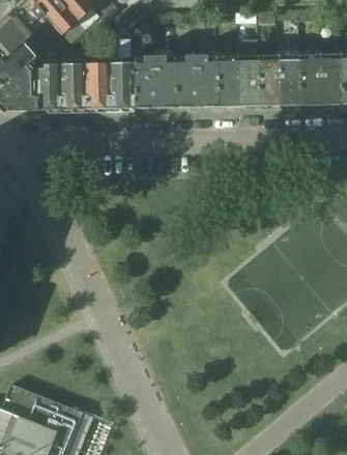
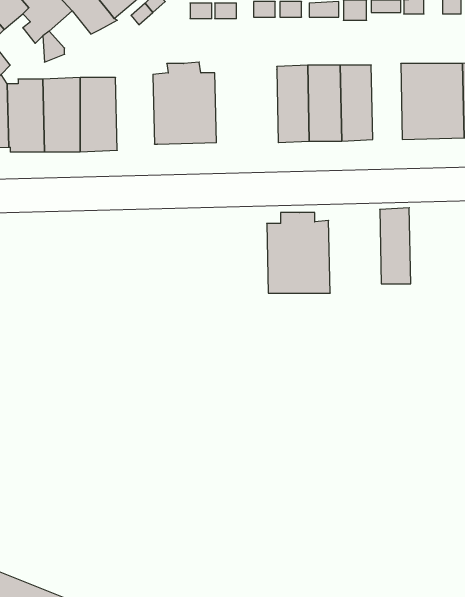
building: [174,53,216,107] -> [267,213,330,293]
building: [279,54,299,105] -> [380,208,411,284]
building: [108,62,136,112] -> none

